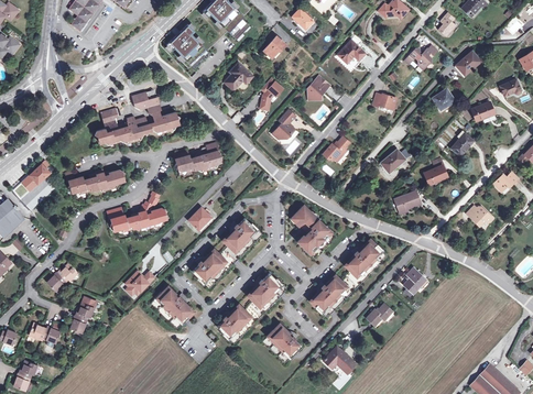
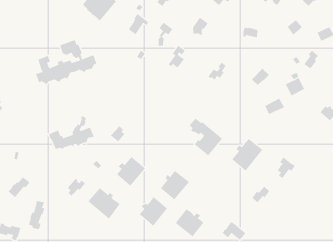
building: [173,141,221,174] -> none
building: [65,168,126,195] -> none
building: [222,217,262,256] -> none
building: [309,274,352,317] -> none

